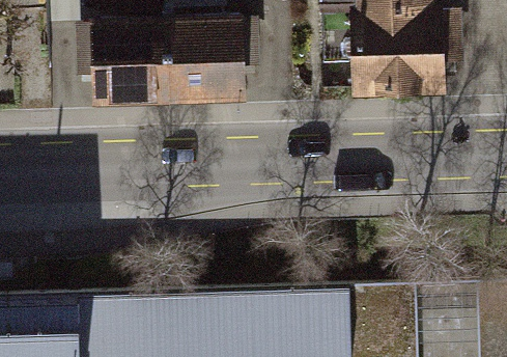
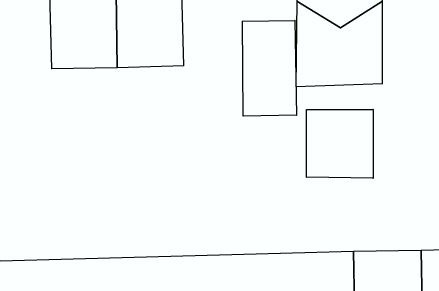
building: none -> [242,20,296,116]
building: none -> [307,109,373,178]

